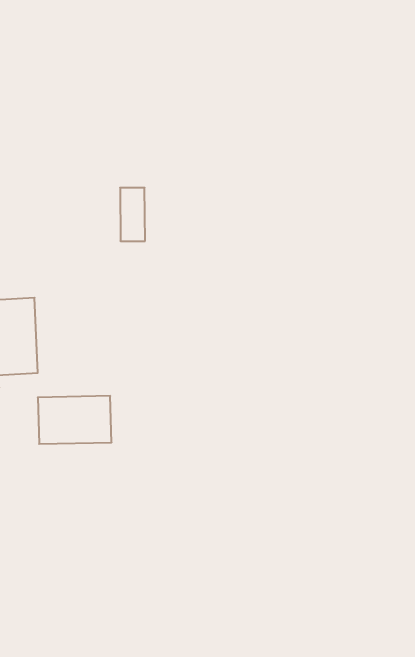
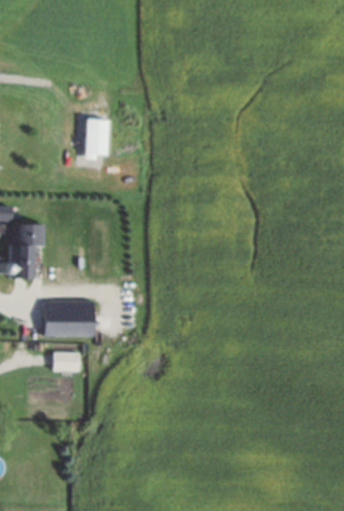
building: [120,188,145,241] -> [86,121,106,161]
building: none -> [54,354,79,373]

